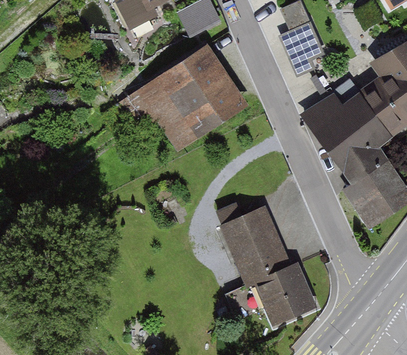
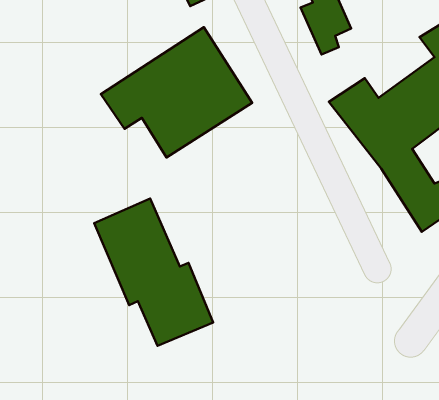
building: [219,203,315,322] -> [94,198,213,346]

